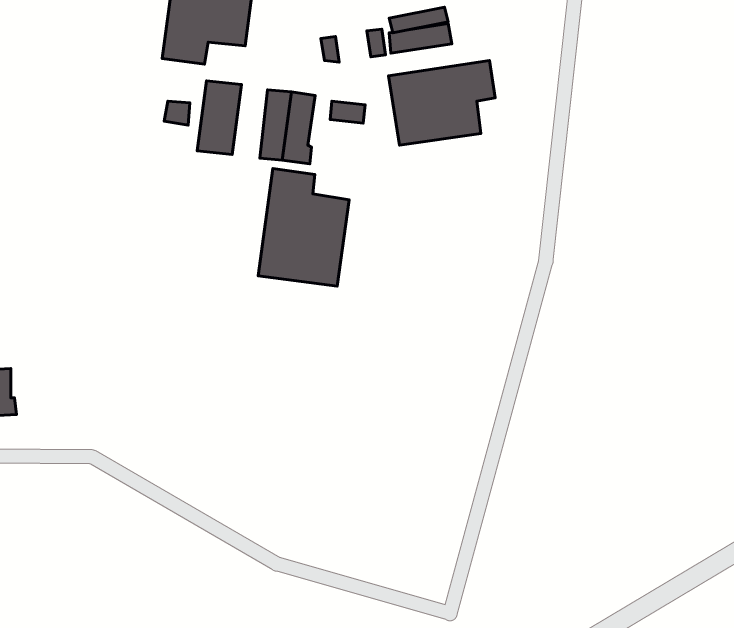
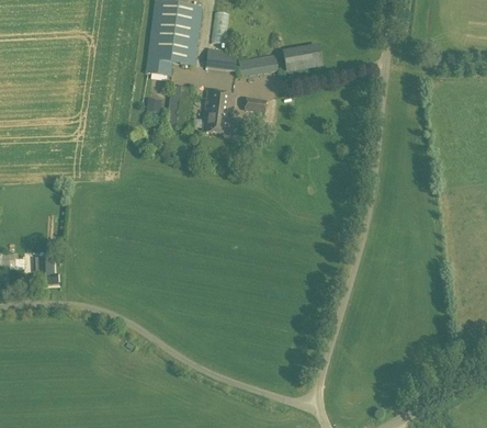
building: none -> [206,47,237,71]
building: [389,61,495,145] -> none
building: [258,169,349,286] -> none

